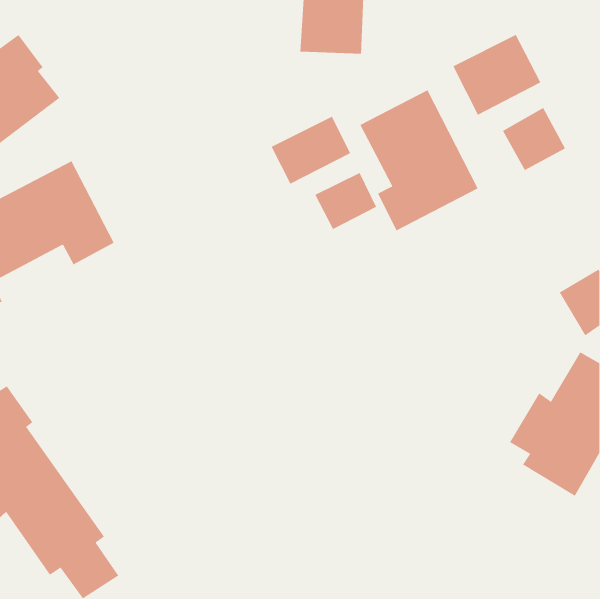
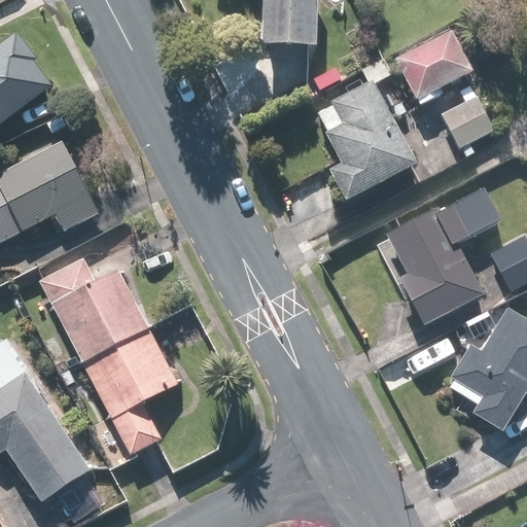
building: [271,116,351,184] -> none
building: [315,172,377,230] -> none
building: none -> [384,184,504,327]
building: none -> [38,256,178,454]

